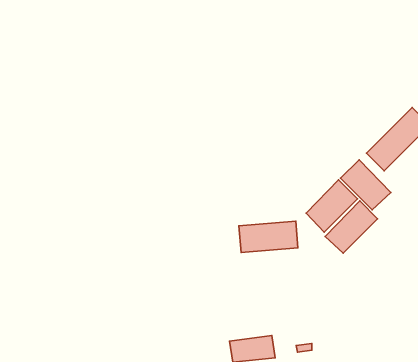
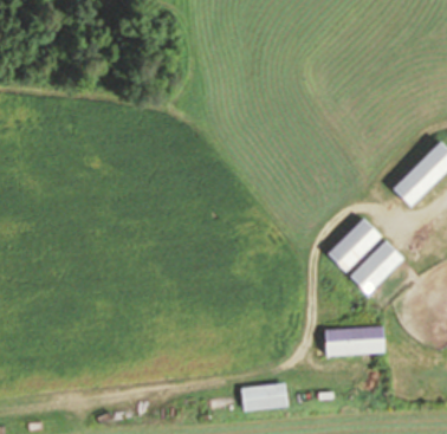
building: [341,160,391,210] -> none
building: [239,221,298,252] -> [323,324,386,357]

